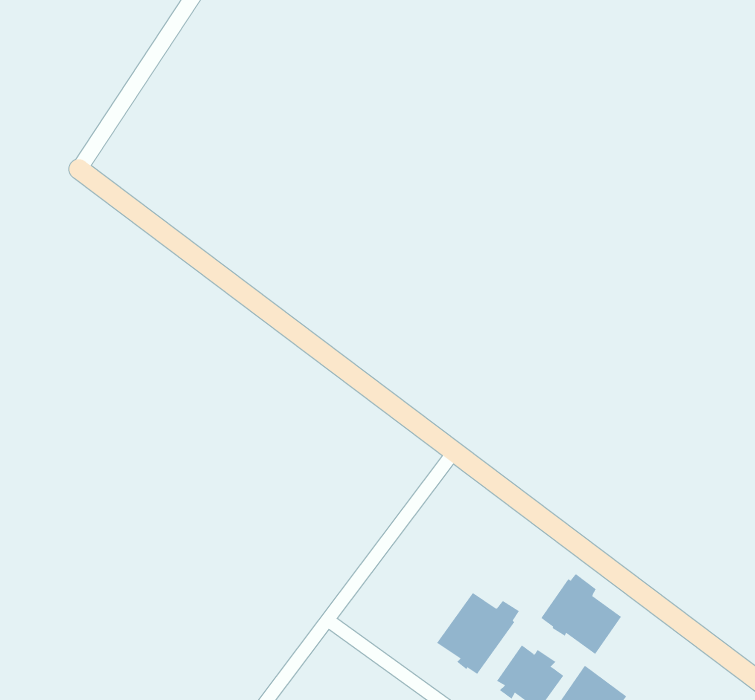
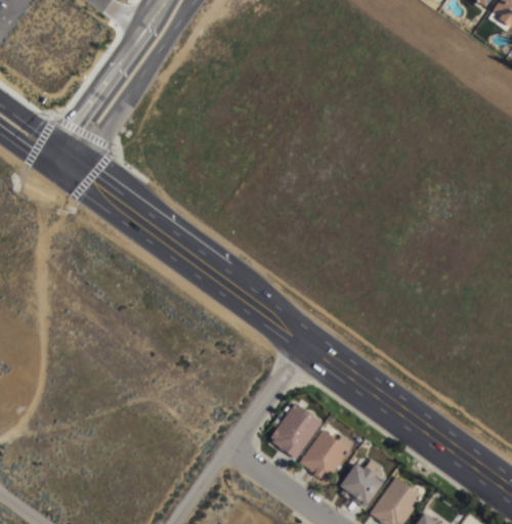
building: none -> [270,402,322,458]
building: [541,573,622,655] -> none

